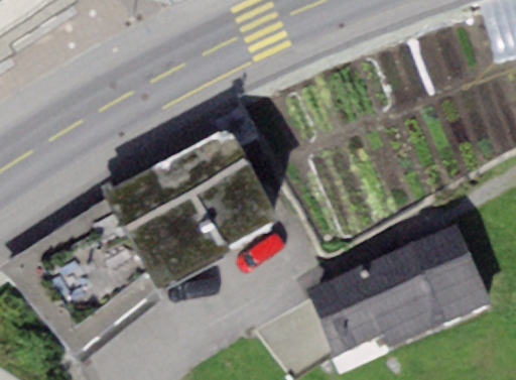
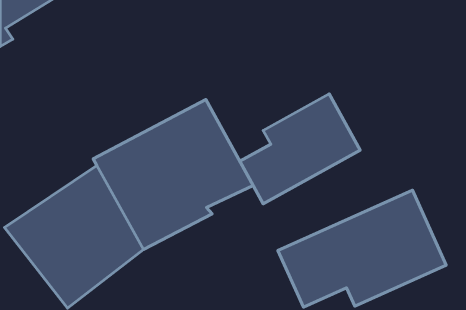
building: none -> [240,94,360,204]

